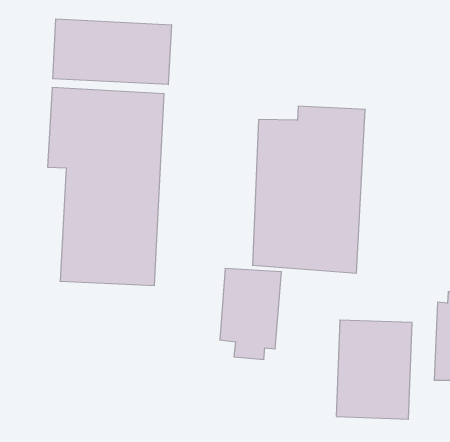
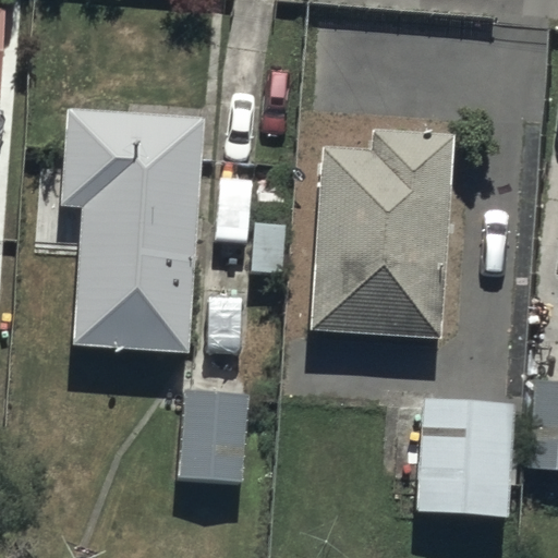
building: [53,19,171,85] -> none
building: [220,268,282,359] -> [172,386,248,498]

